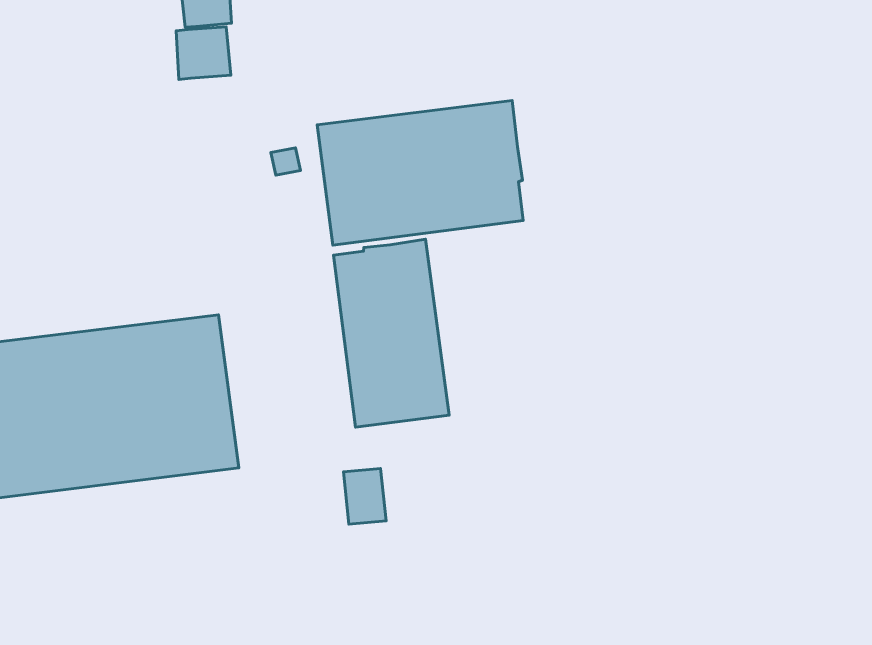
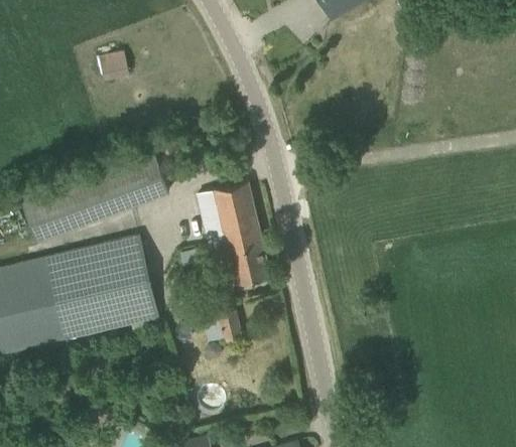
building: [176,27,231,79] -> none
building: [317,101,523,245] -> none

